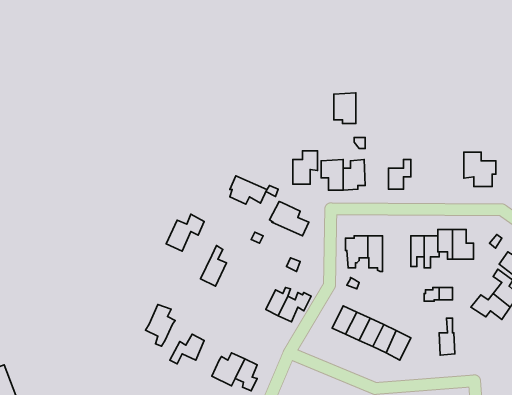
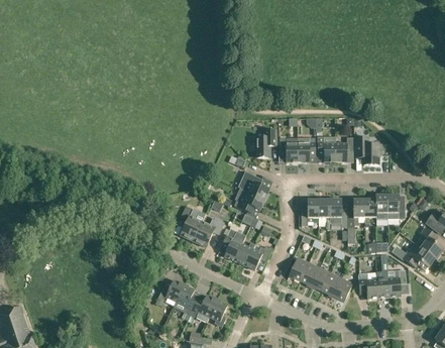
building: [334,93,356,124] -> [317,135,335,160]
building: [464,152,496,187] -> [355,136,381,164]
building: [230,176,267,204] -> [234,188,264,211]
building: [166,214,204,251] -> [193,216,224,246]
building: none -> [330,199,347,227]
building: none -> [221,227,246,259]
building: [146,304,175,346] -> [174,284,198,319]
building: none -> [388,268,409,296]
building: none -> [358,271,377,298]

